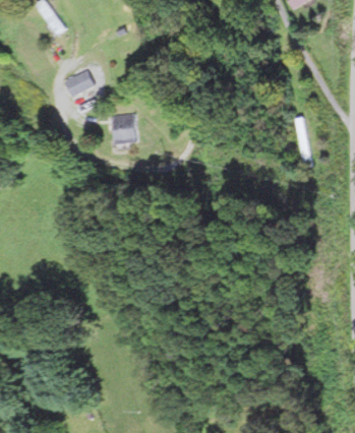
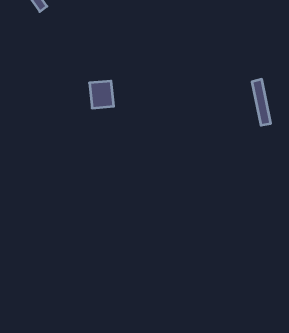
building: [63,70,93,98] -> none

